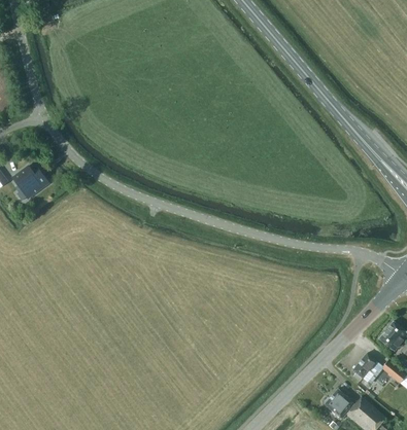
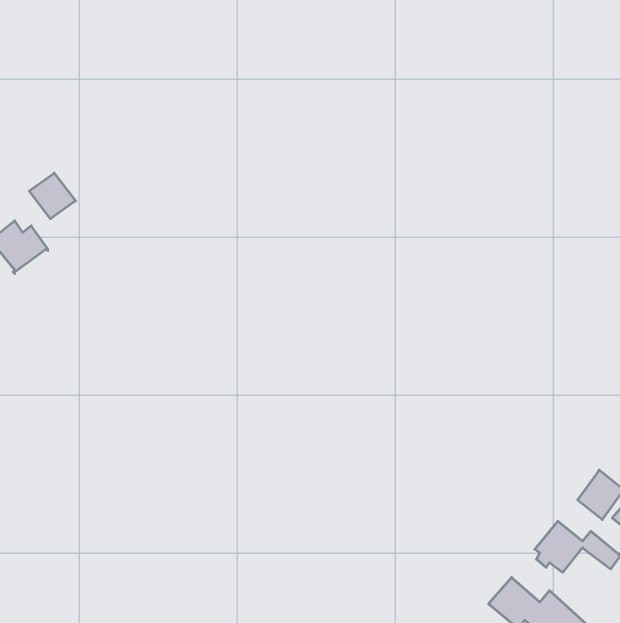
building: none -> [29,173,76,219]

